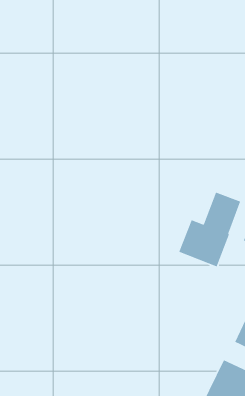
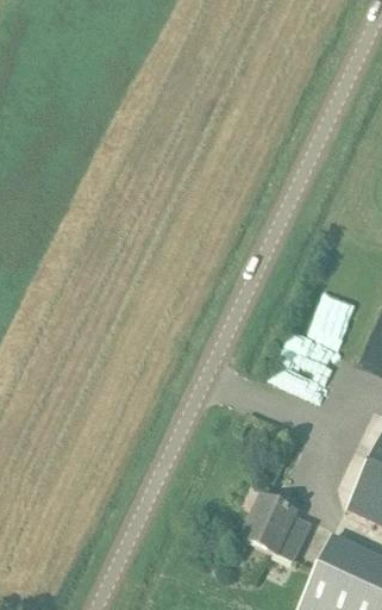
building: none -> [242,497,312,561]

